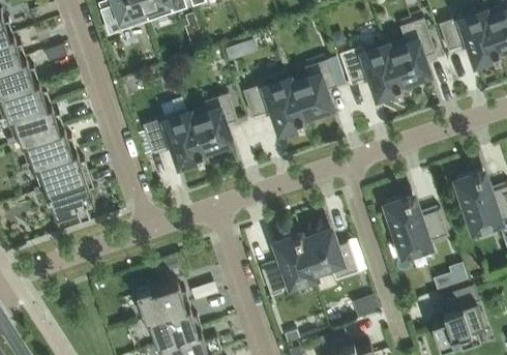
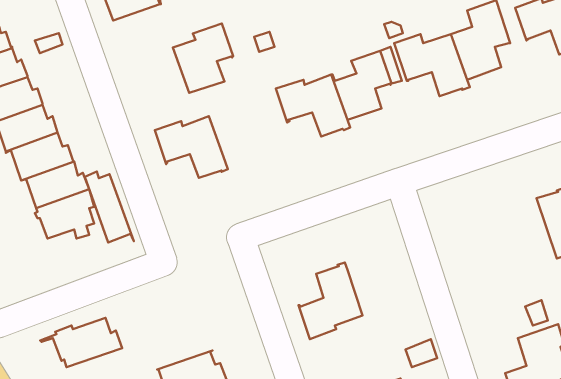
building: [187,94,237,151] -> [173,23,233,93]
building: none -> [85,171,134,242]
building: [385,197,448,256] -> none
building: [301,231,358,280] -> none
building: [123,282,190,322] -> [40,318,122,367]

